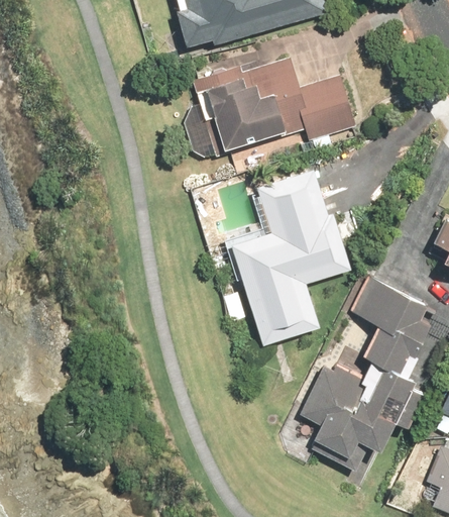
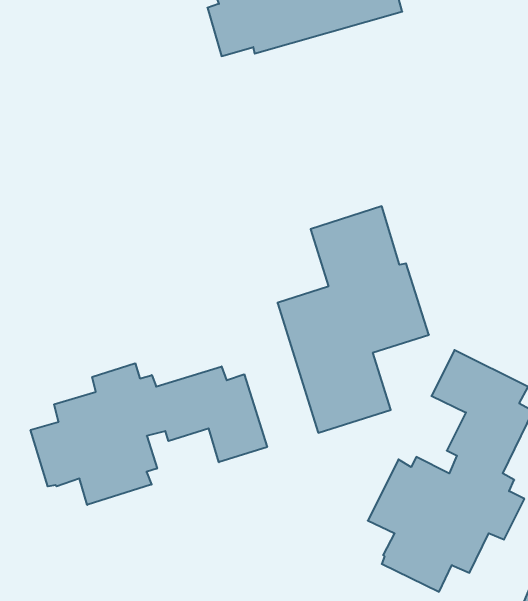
building: [191,55,357,157] -> none
building: none -> [31,363,267,505]

